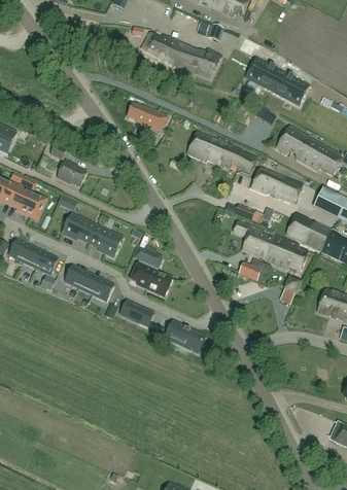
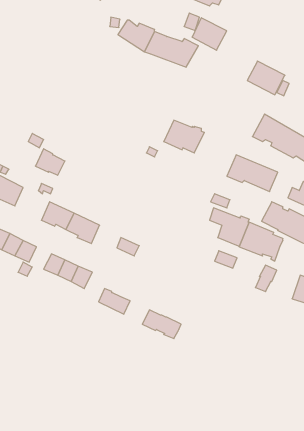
building: [246,59,281,92] -> [192,18,227,50]
building: [126,104,166,133] -> none
building: [217,144,256,174] -> none
building: [130,264,172,297] -> none

